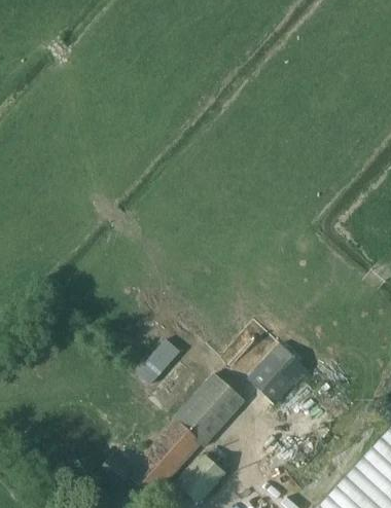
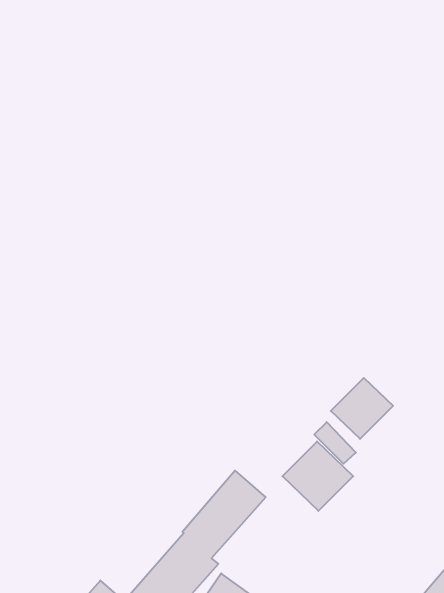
building: none -> [331,378,393,439]
building: [138,340,180,386] -> none

